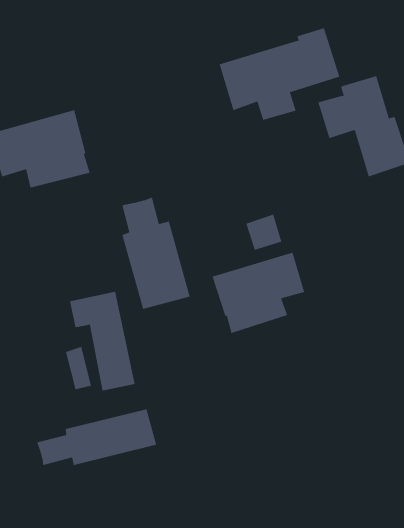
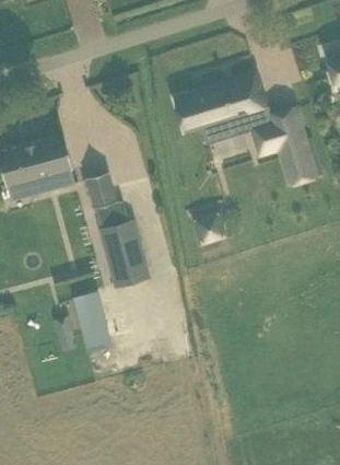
building: none -> [84,173,116,209]
building: [212,252,305,334] -> none
building: [37,408,157,466] -> none

